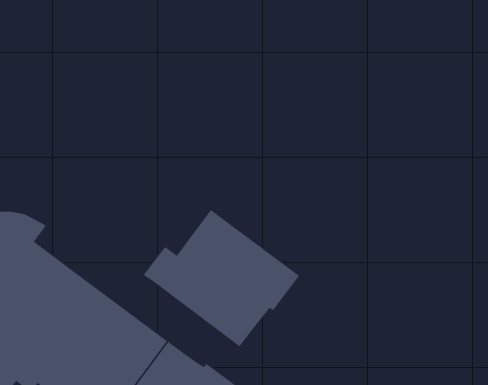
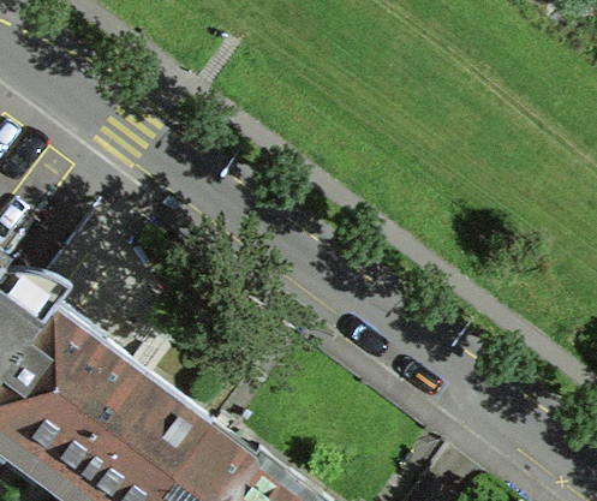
building: [143,209,300,347] -> none

